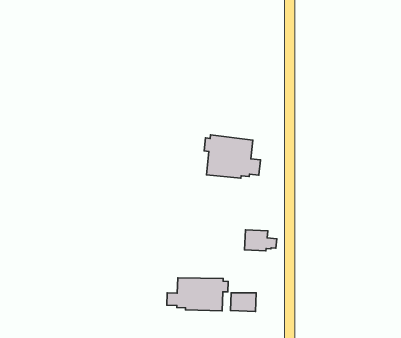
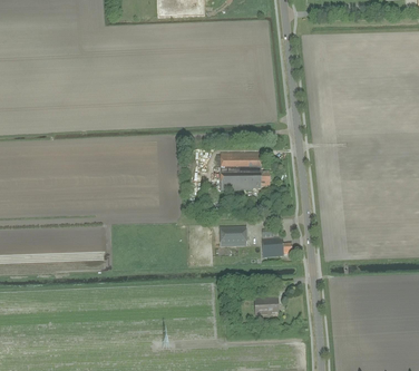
building: none -> [220,225,245,245]
building: [167,278,228,311] -> none

